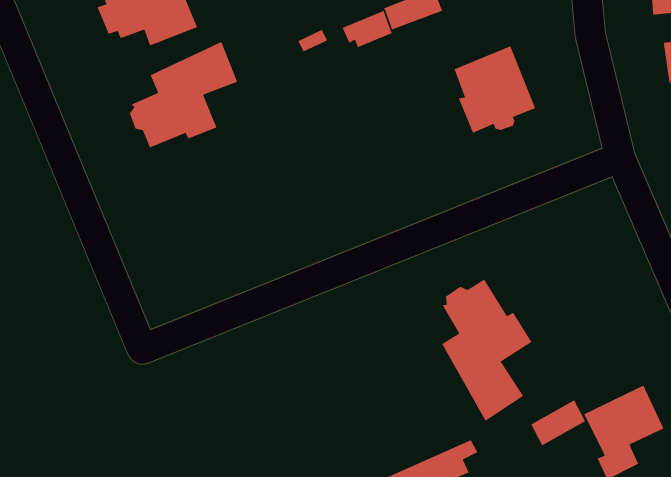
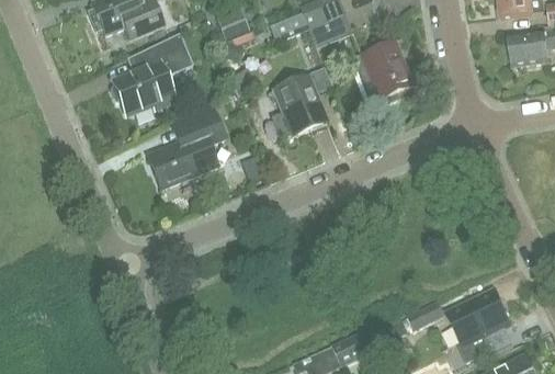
building: none -> [305,13,350,44]
building: none -> [271,68,330,136]
building: none -> [147,107,228,189]
building: [441,279,533,422] -> none

